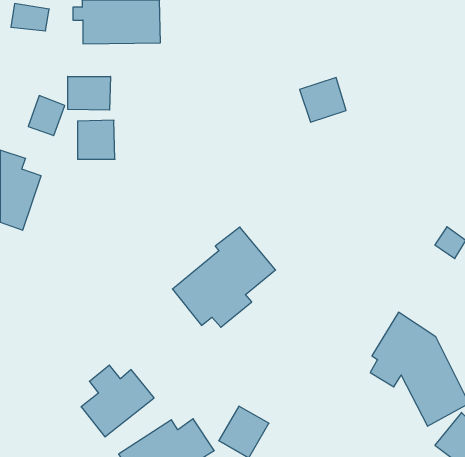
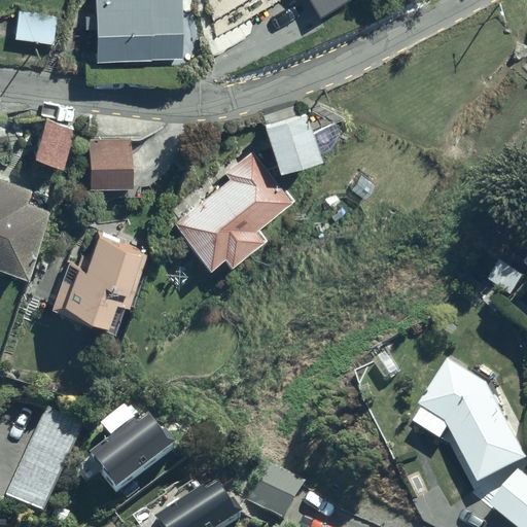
building: [68,76,110,110] -> none
building: [300,78,346,122] -> [264,111,316,162]
building: none -> [50,230,147,321]
building: [172,227,276,327] -> [175,152,291,266]
building: none -> [5,414,84,521]

